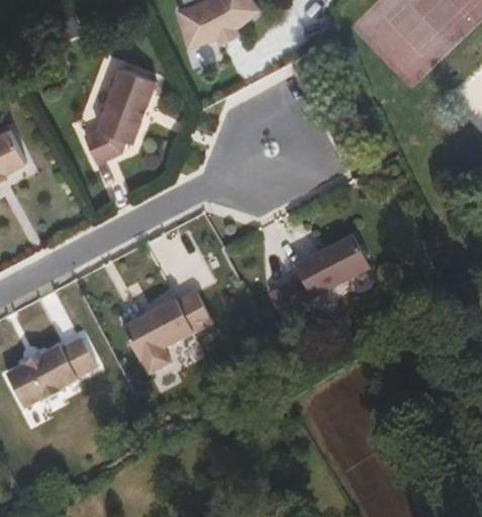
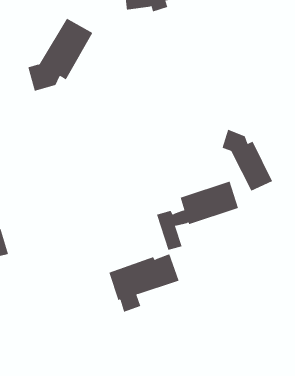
building: none -> [222,129,273,191]
building: [125,289,213,370] -> [108,253,180,312]

